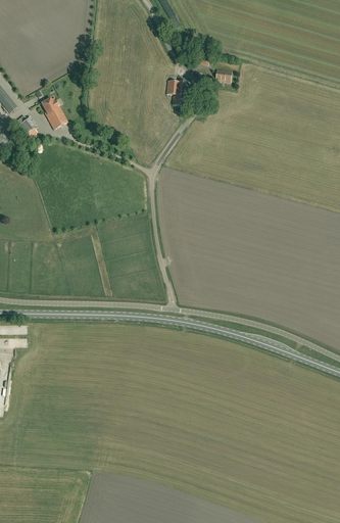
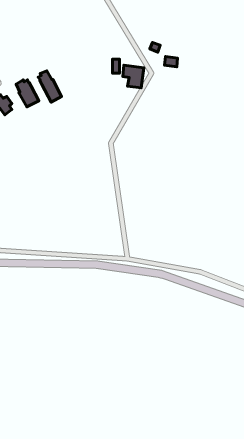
building: none -> [38,71,61,102]

